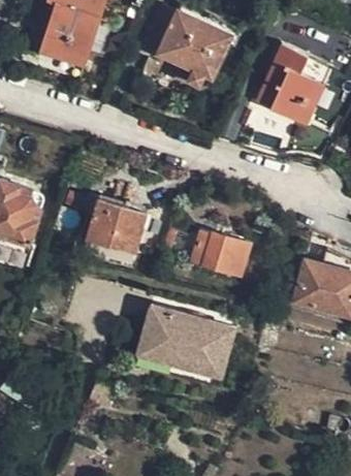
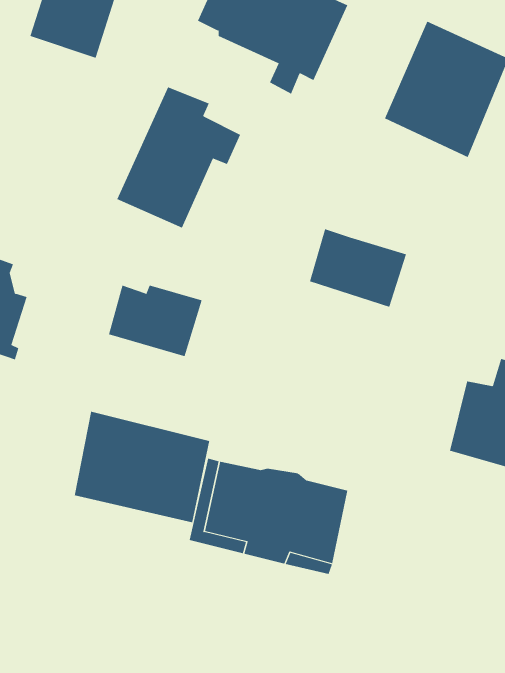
building: none -> [117,87,241,228]
building: [190,229,249,277] -> [309,229,407,307]
building: none -> [74,411,210,523]

